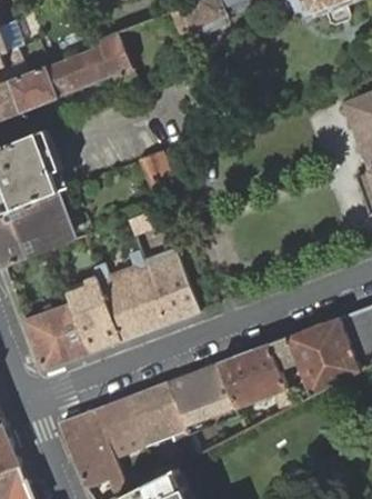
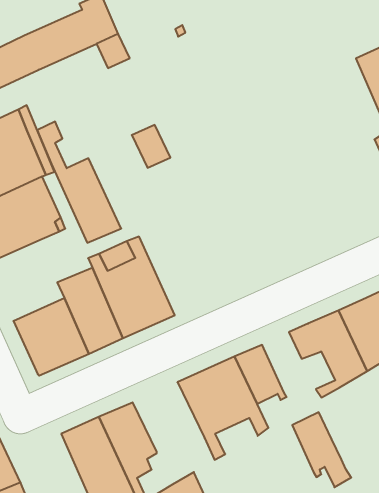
building: [128,212,198,322] -> [37,122,121,243]
building: [243,343,293,411] -> [292,412,351,487]
building: [124,382,187,443] -> none

